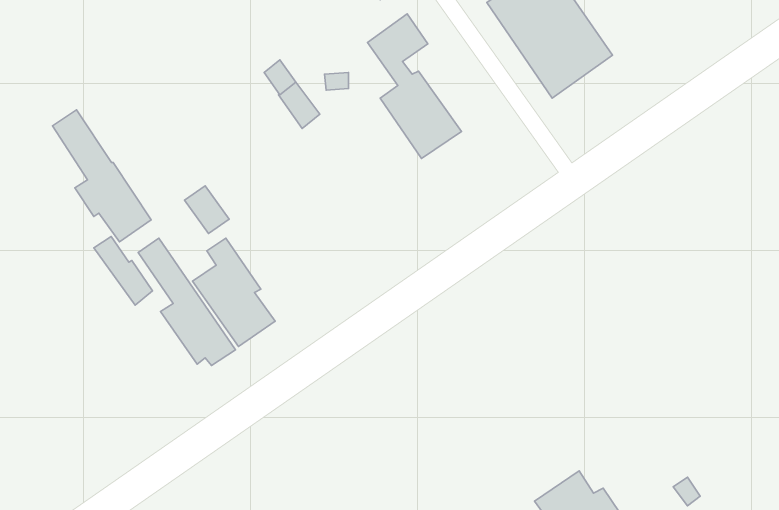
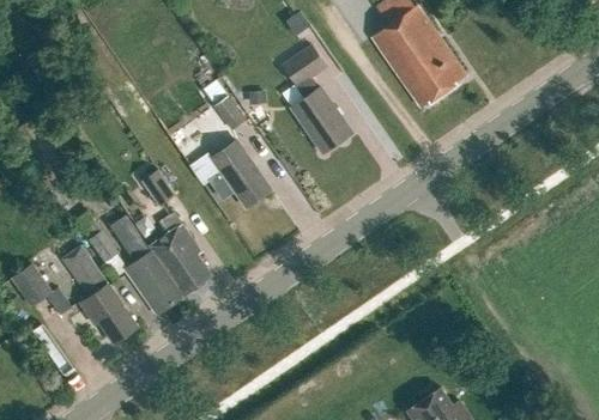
building: [53,110,151,242] -> [63,245,138,345]
building: none -> [210,141,271,208]
building: none -> [13,262,55,306]

